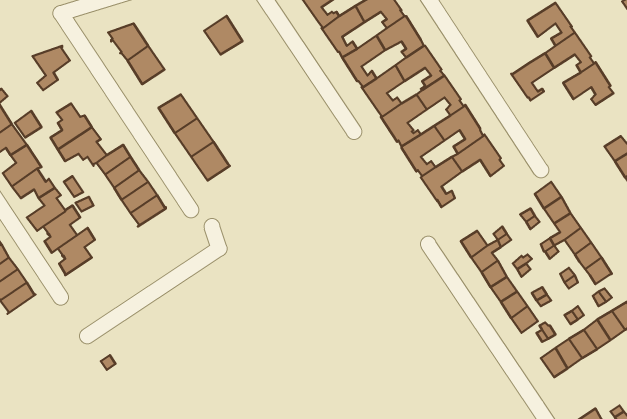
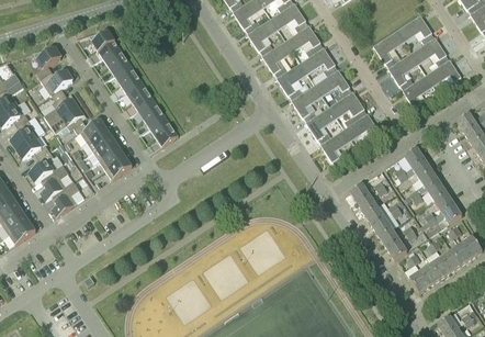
building: [204,16,243,54] -> [114,64,143,92]
building: none -> [373,27,407,67]
building: none -> [41,70,72,96]
building: none -> [402,71,433,112]

